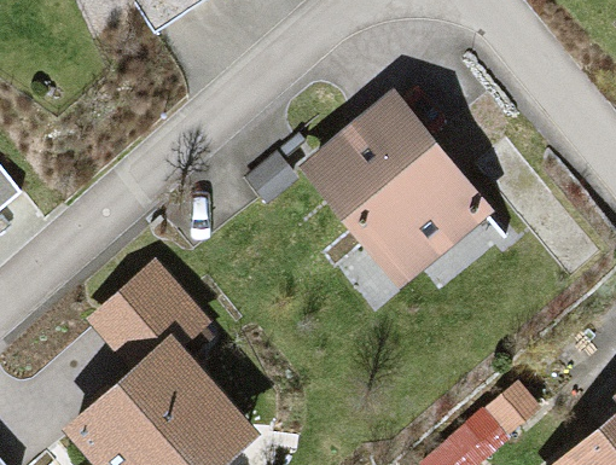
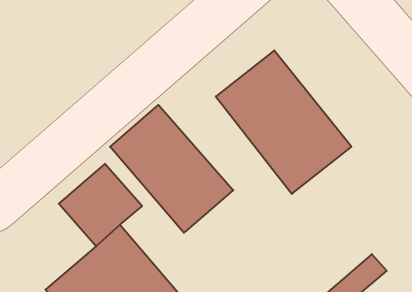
building: none -> [110,105,233,233]

